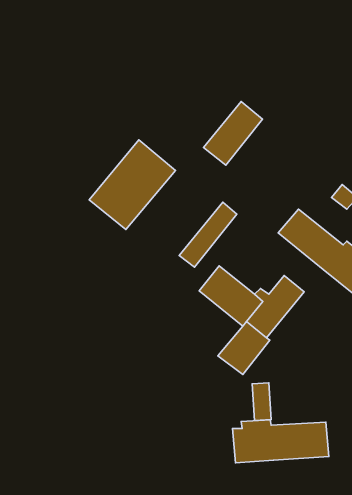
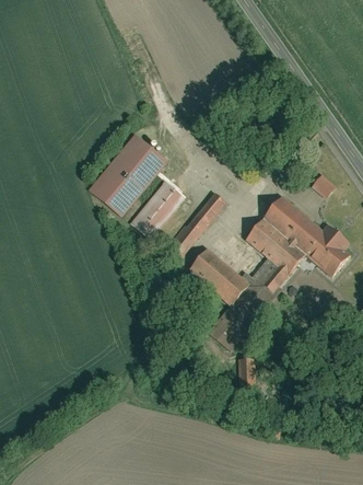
building: [203,101,262,165] -> [130,178,185,238]
building: none -> [246,219,304,274]
building: [233,420,329,463] -> none

